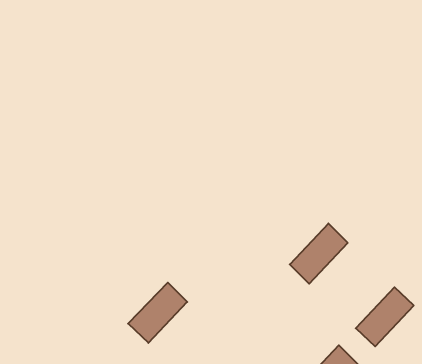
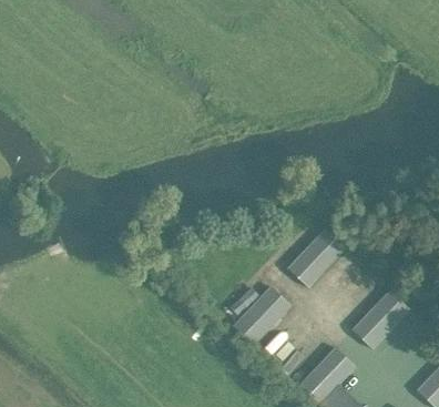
building: [128,283,187,343] -> [233,285,290,344]

